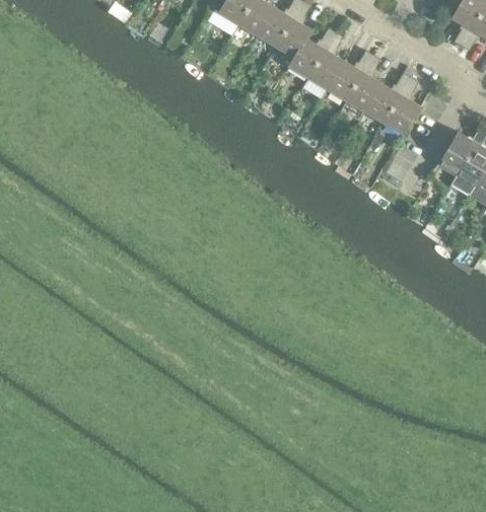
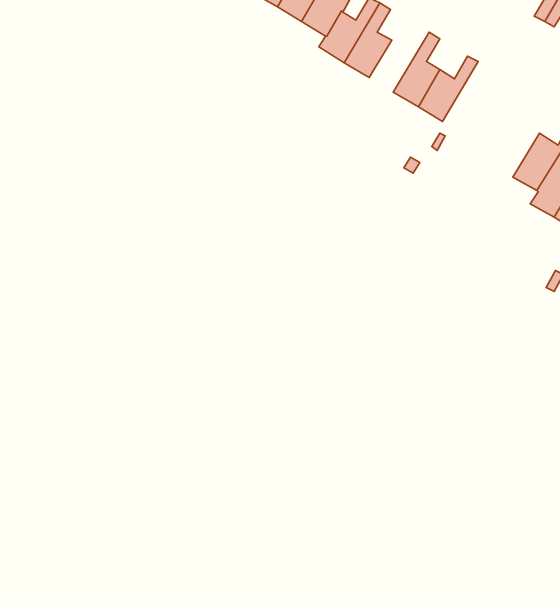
building: [328,51,373,100] -> none
building: [384,77,420,135] -> none

